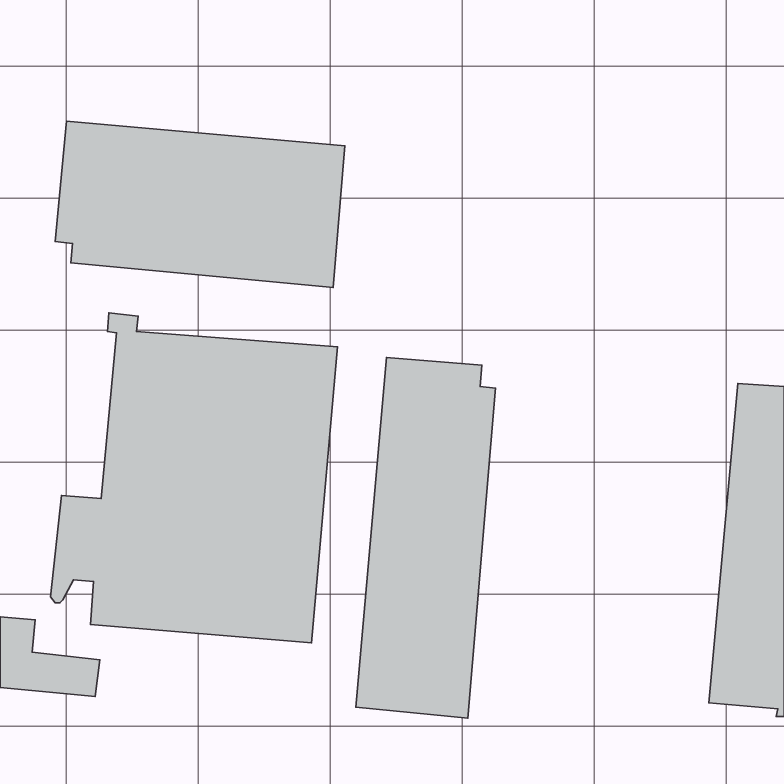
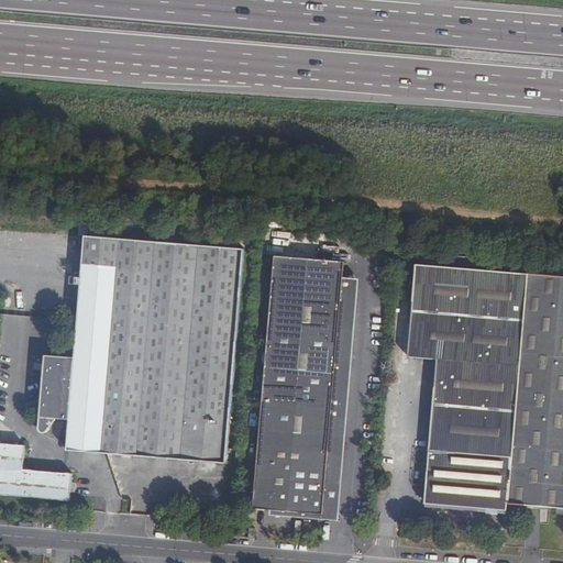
building: [55,121,345,288] -> none
building: none -> [408,264,529,510]

